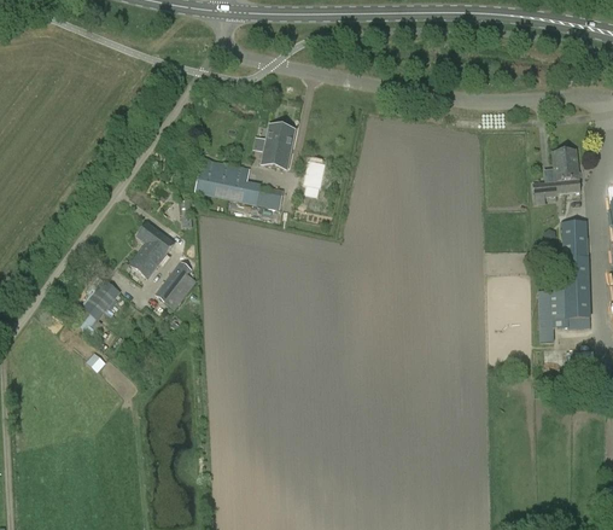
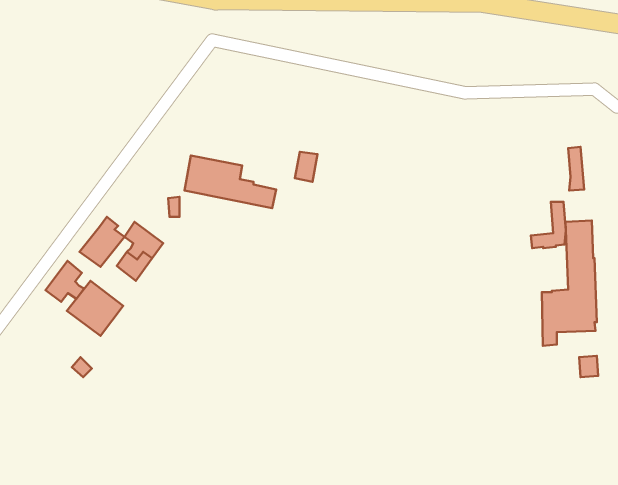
building: [261,123,294,169] -> none
building: [532,151,566,196] -> [531,202,566,248]
building: none -> [45,261,84,302]
building: [153,261,197,309] -> [79,217,124,267]

